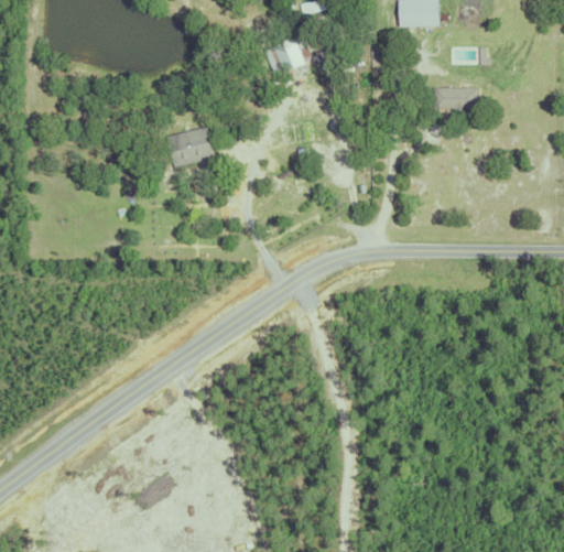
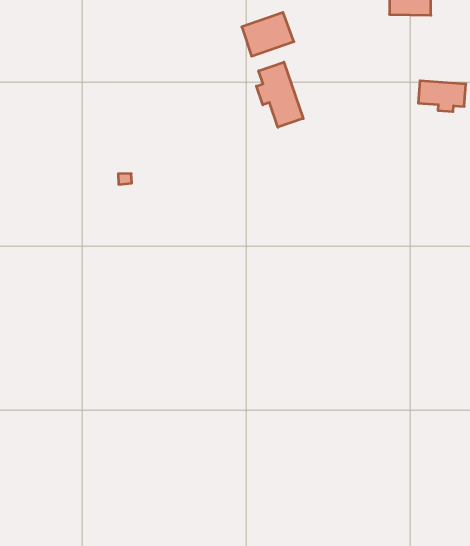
building: none -> [256,62,303,127]
building: [167,127,214,166] -> none

